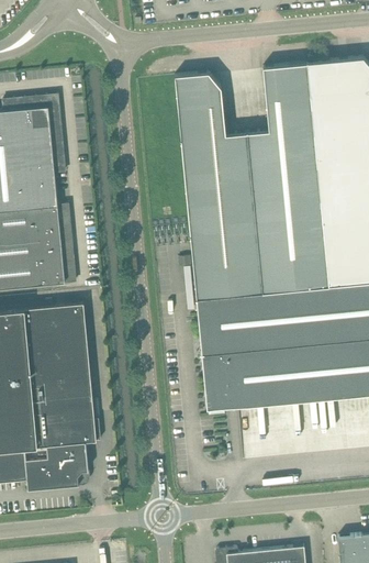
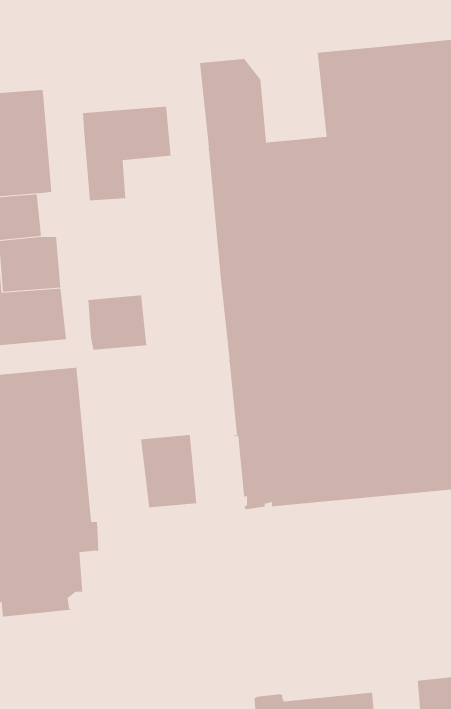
building: none -> [82,106,171,201]
building: none -> [88,295,147,351]
building: none -> [141,434,197,508]

